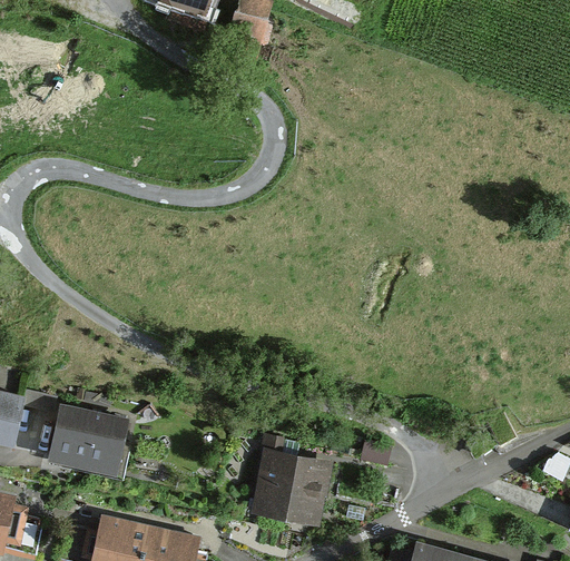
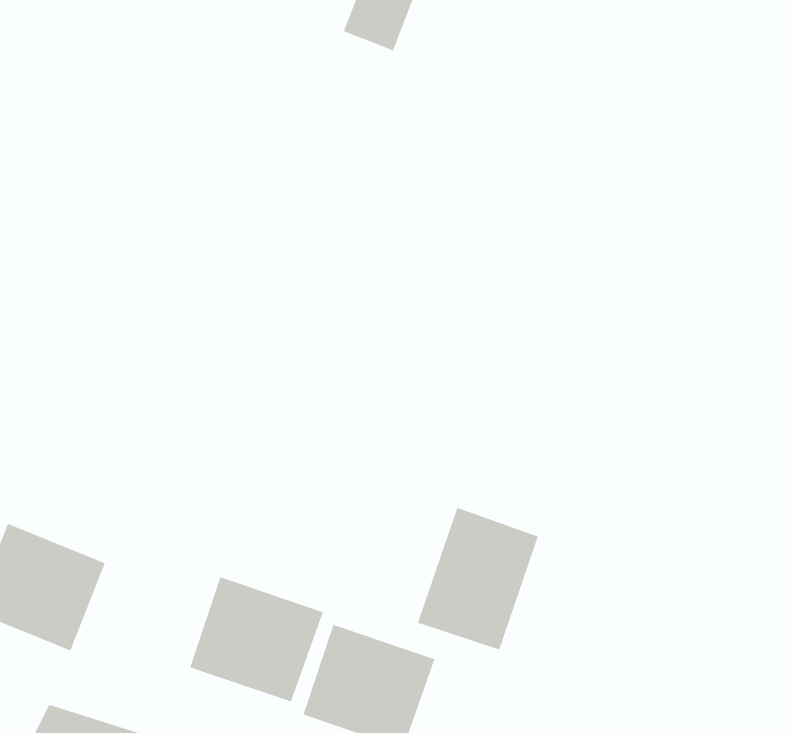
building: none -> [417,507,539,651]
building: none -> [189,576,324,703]

